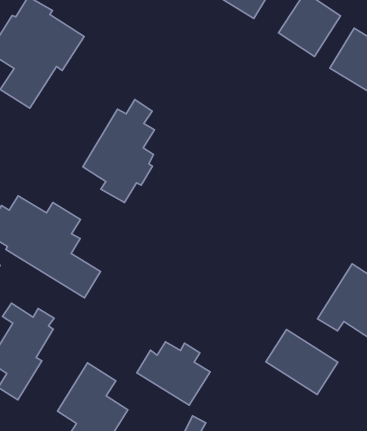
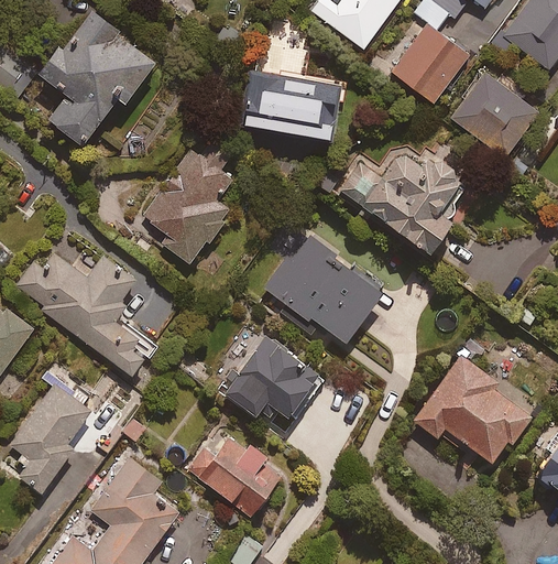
building: none -> [244,82,340,143]
building: none -> [342,148,475,248]
building: none -> [264,235,383,340]
building: none -> [226,338,326,430]
building: [266,329,338,395] -> none

